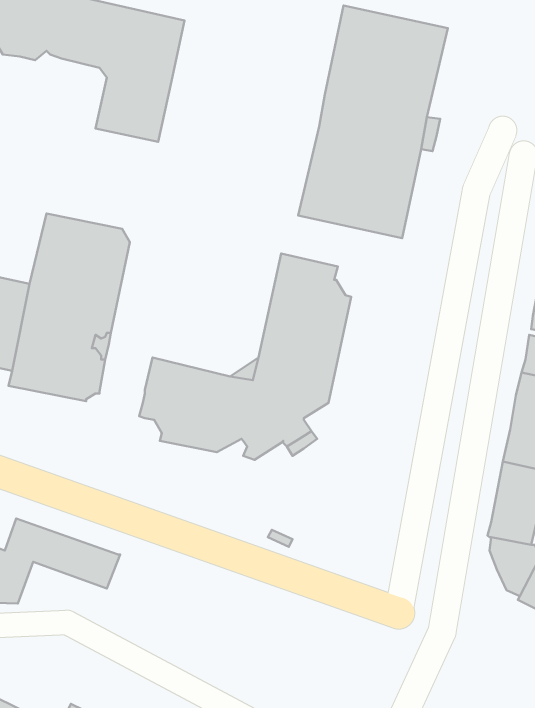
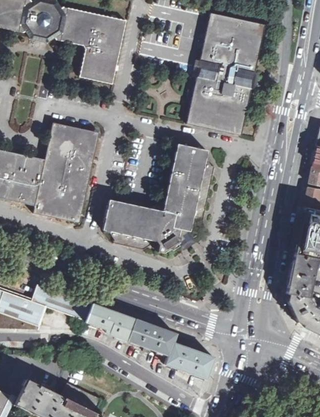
building: none -> [85,302,213,378]

